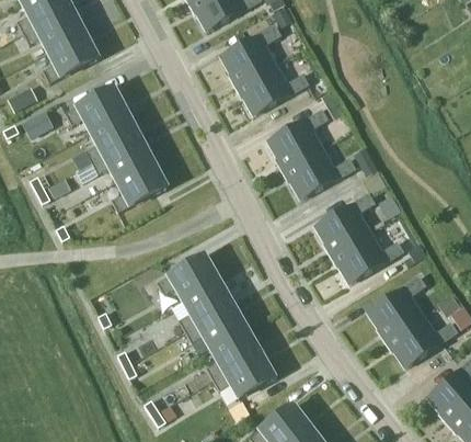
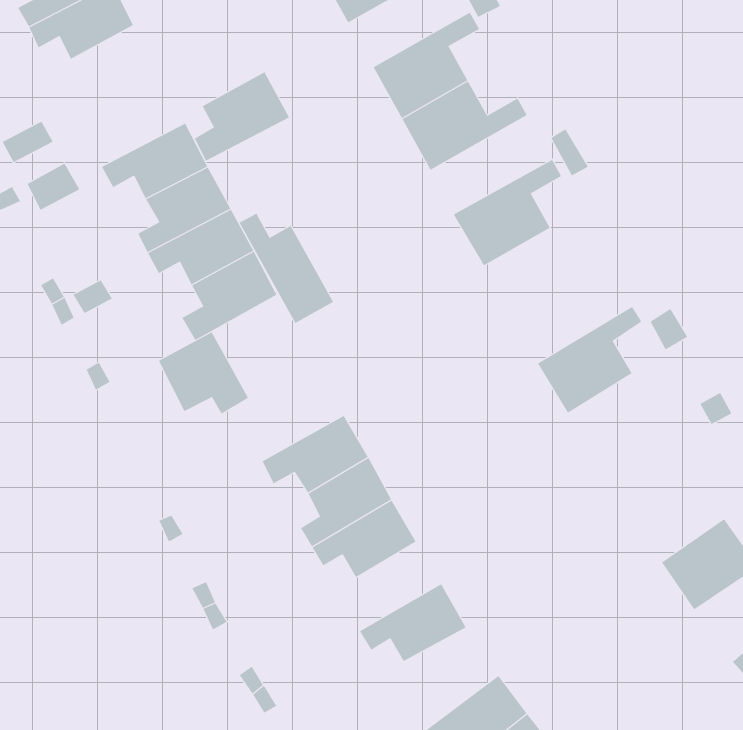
building: [44,31,99,82] -> [194,72,290,162]
building: none -> [239,213,334,324]
building: [285,147,357,199] -> none
building: none -> [158,332,249,415]
building: [333,230,405,283] -> none
building: [367,274,427,339] -> none
building: [207,327,261,378] -> none

